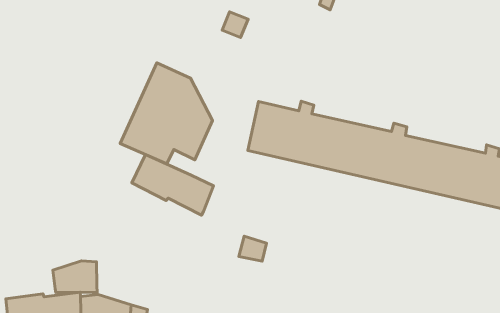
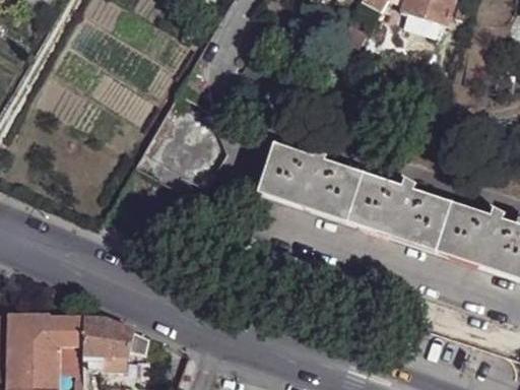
building: [132,154,213,215] -> none
building: [53,261,97,293] -> none

